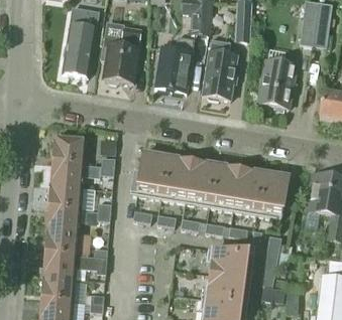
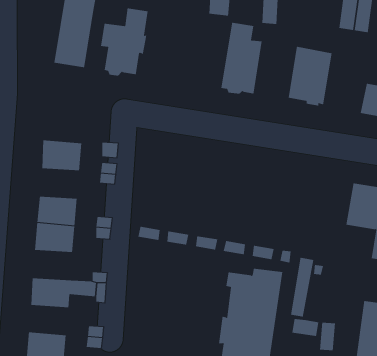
building: [154,35,194,92] -> none
building: [130,150,288,217] -> none
building: [49,161,84,186] -> none
building: [43,229,78,255] -> none
building: [40,276,75,301] -> none

